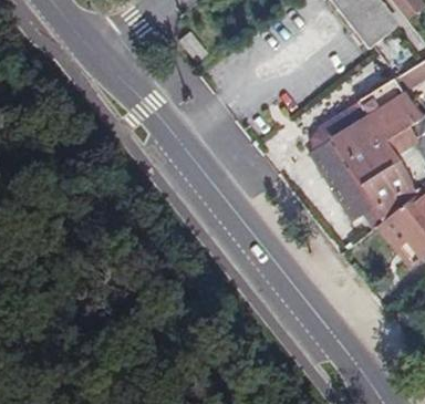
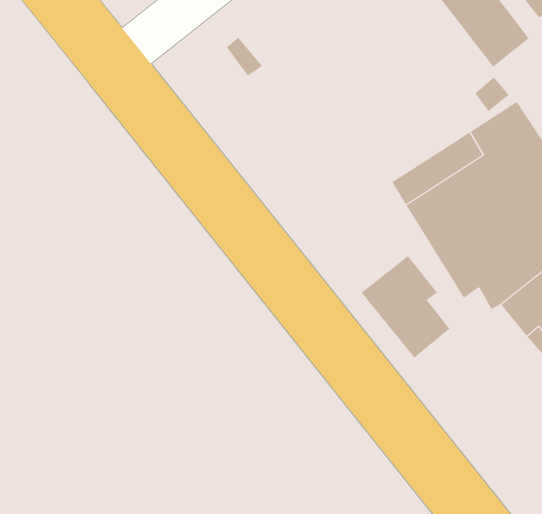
building: none -> [361,255,450,358]

